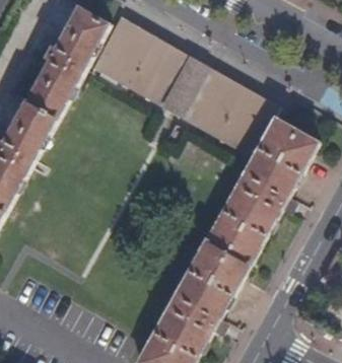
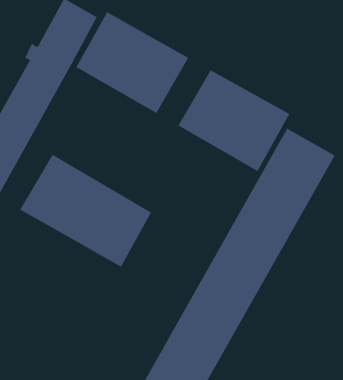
building: [161,57,208,116] -> none
building: none -> [19,154,152,267]

